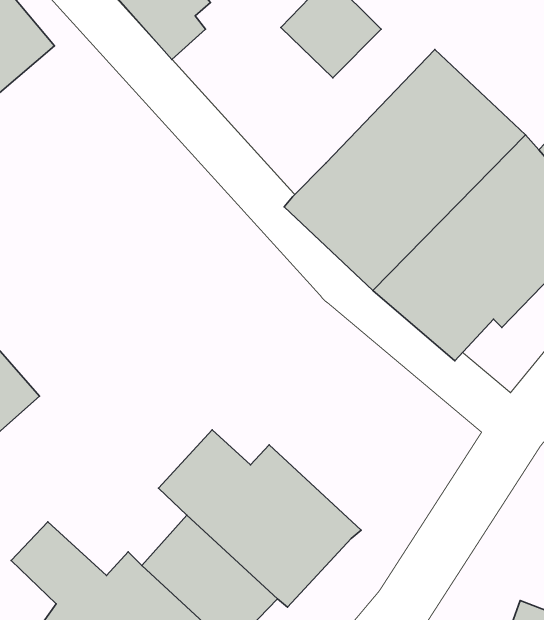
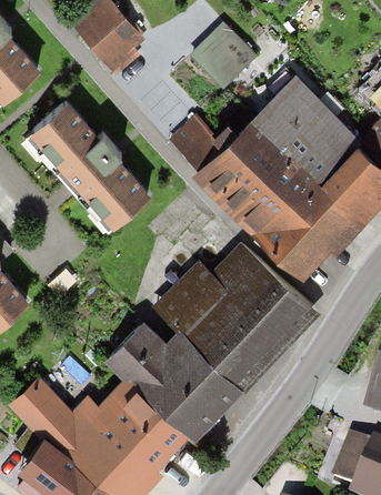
building: none -> [30,99,149,225]
building: none -> [172,121,220,168]
building: none -> [158,243,315,388]

